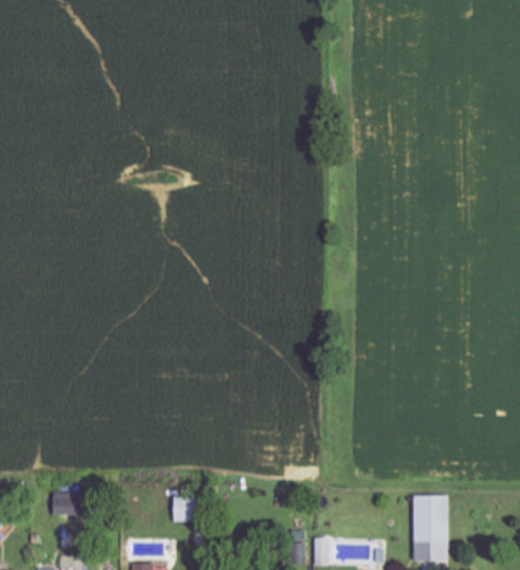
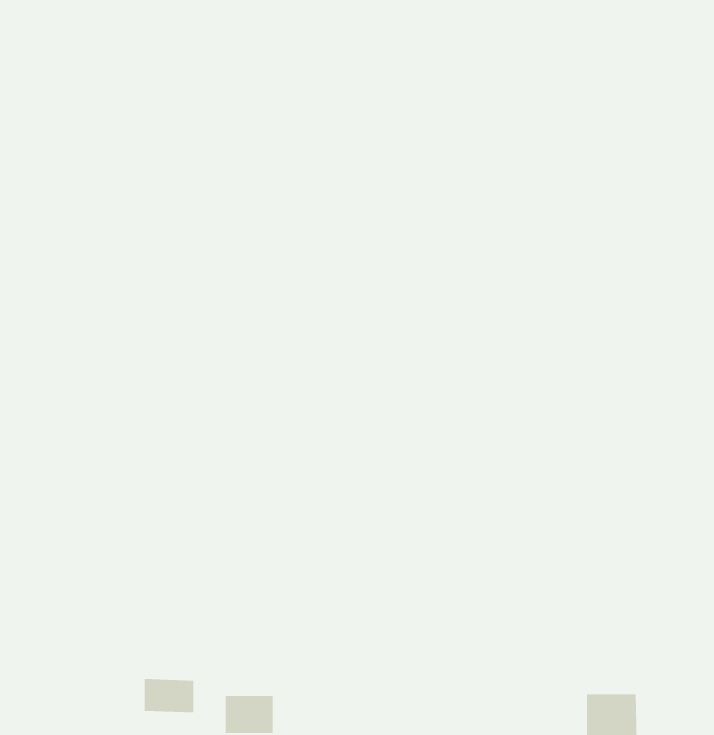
building: [49,492,83,515] -> [144,679,194,713]

